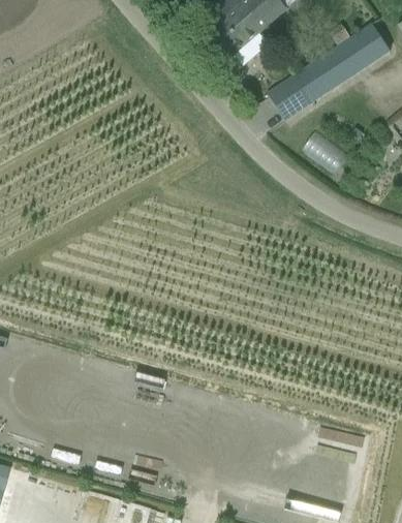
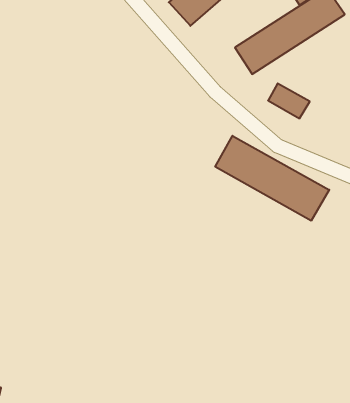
building: none -> [215,136,329,221]

